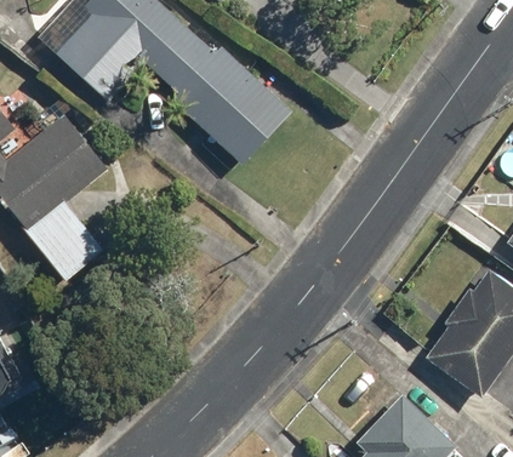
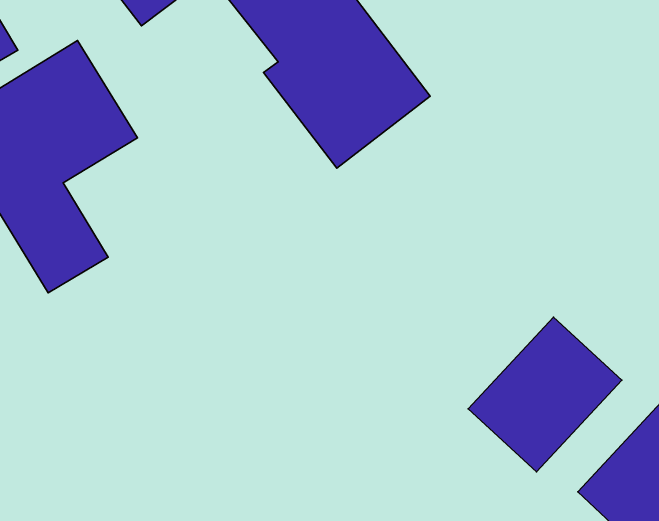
building: none -> [468,317,622,472]

